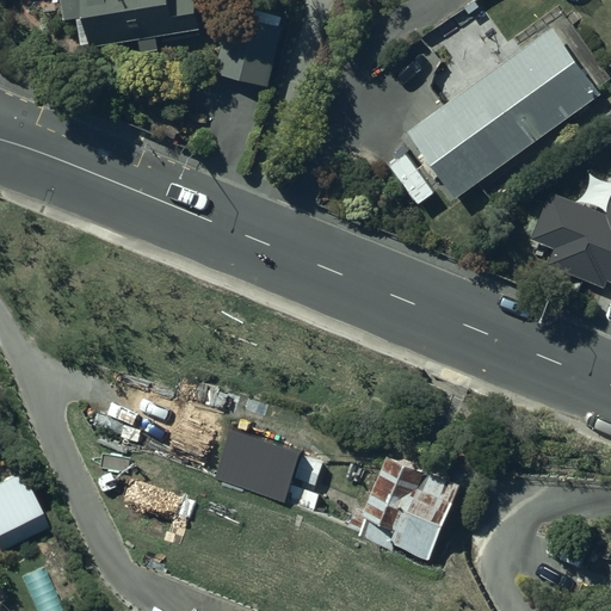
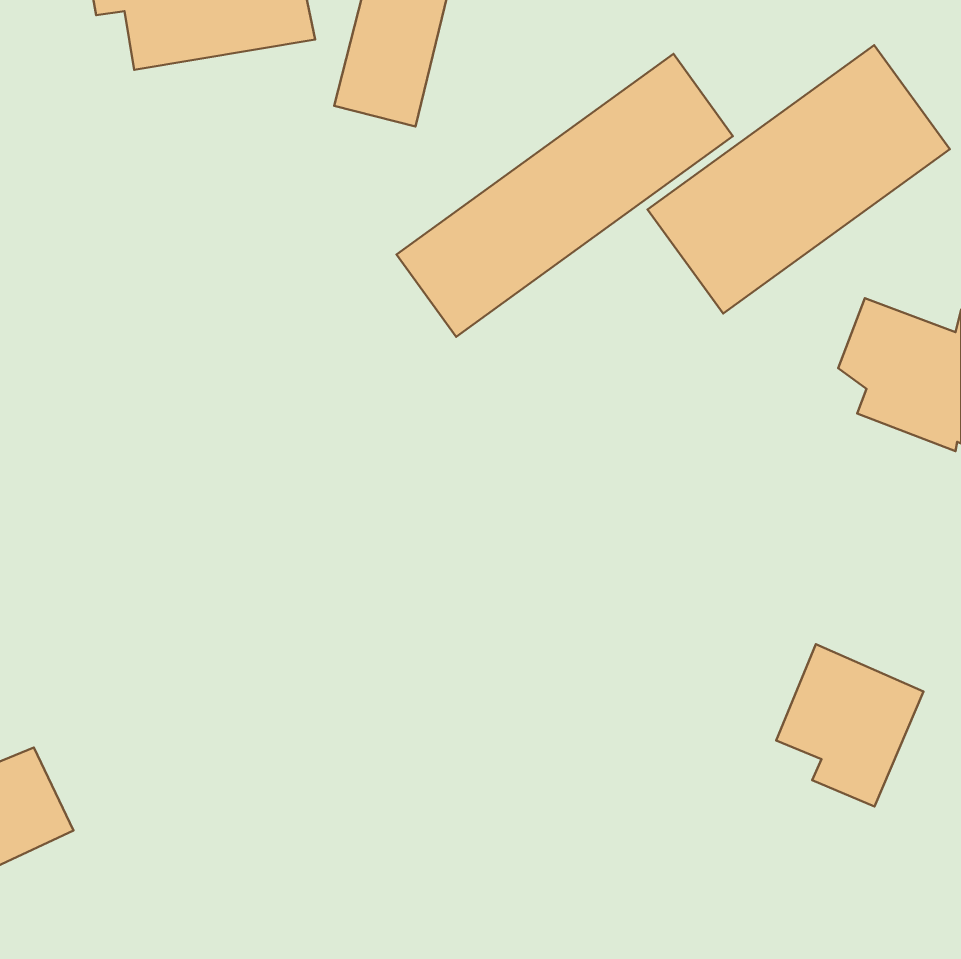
building: none -> [397,54,733,337]
building: [211,427,307,513] -> none
building: [365,462,458,564] -> [776,644,924,806]

